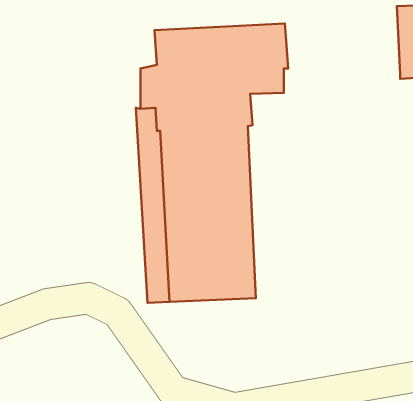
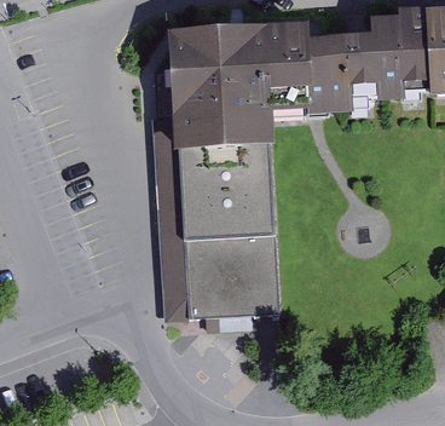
building: none -> [307,10,429,106]

